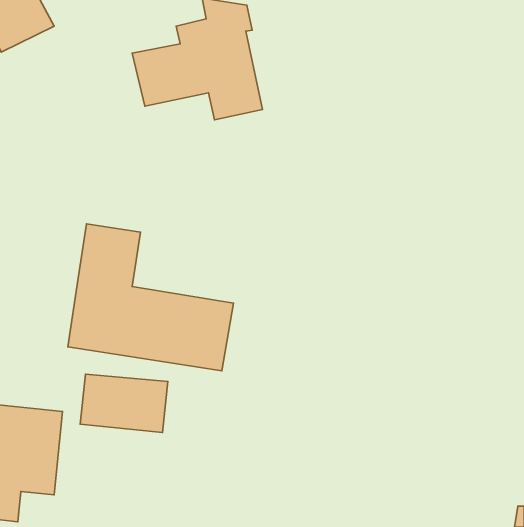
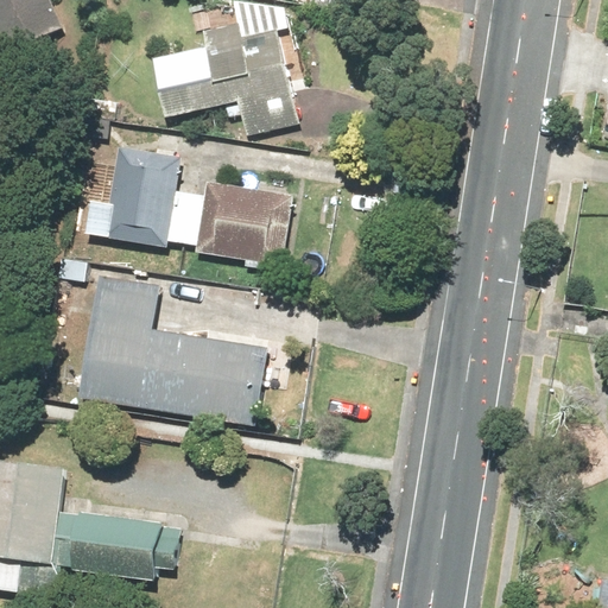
building: none -> [86,147,196,243]
building: none -> [196,182,292,264]
building: [80,374,168,433] -> [75,517,175,583]

